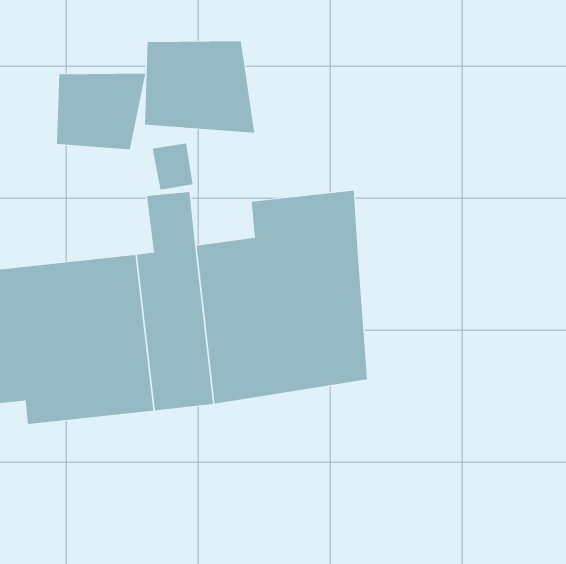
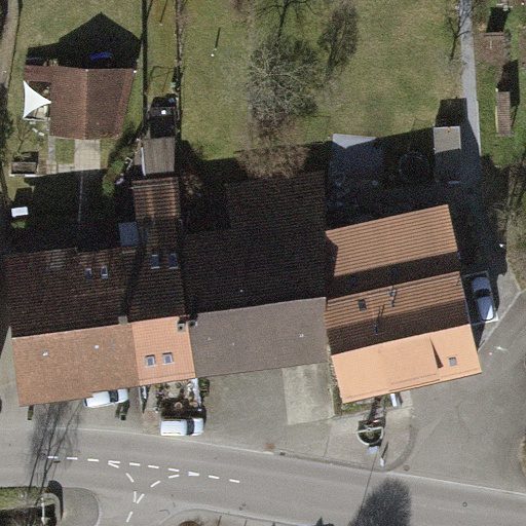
building: [145,41,255,134] -> none
building: none -> [328,217,472,399]

